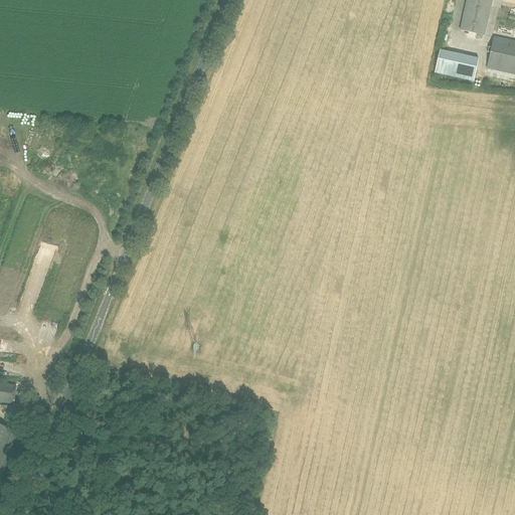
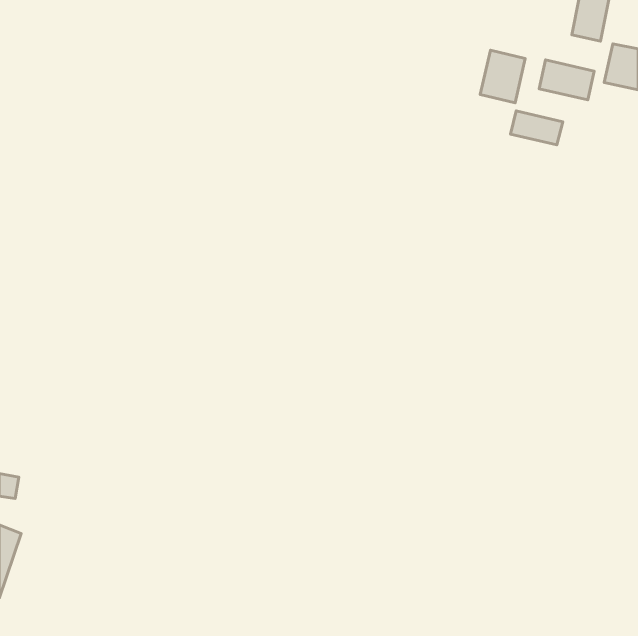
building: none -> [480,50,525,103]
building: none -> [510,111,563,145]

